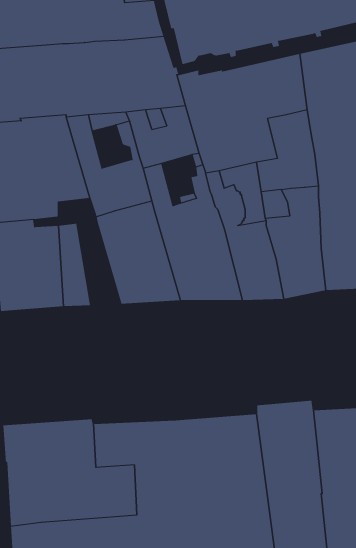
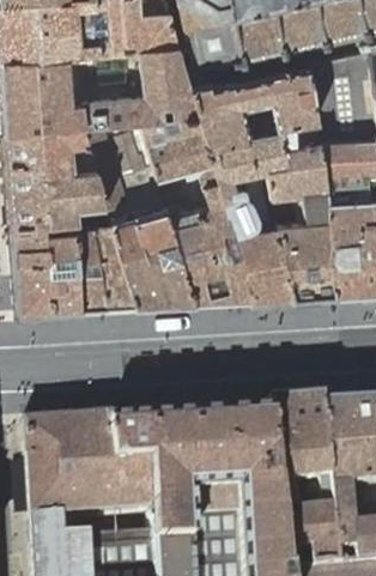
building: none -> [95,226,137,305]

